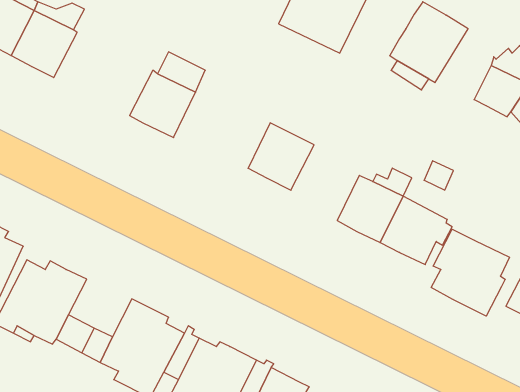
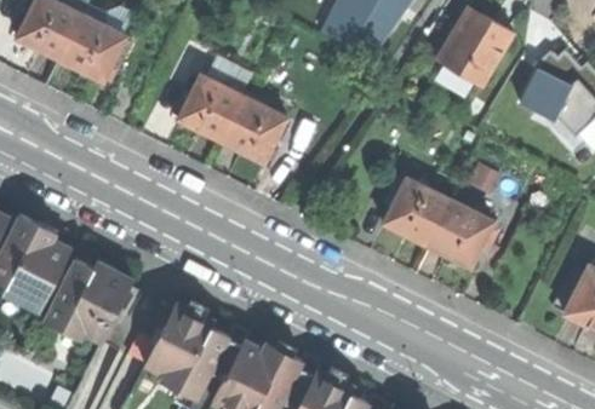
building: [248,123,314,190] -> [221,96,286,162]
building: [431,229,510,316] -> none

